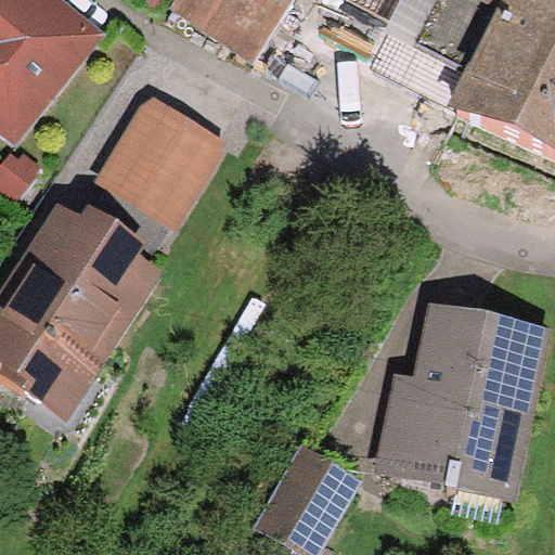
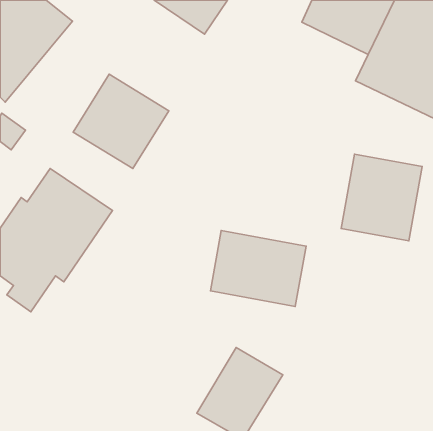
building: none -> [341,154,422,241]
building: none -> [210,231,306,306]
building: [383,310,534,478] -> none

